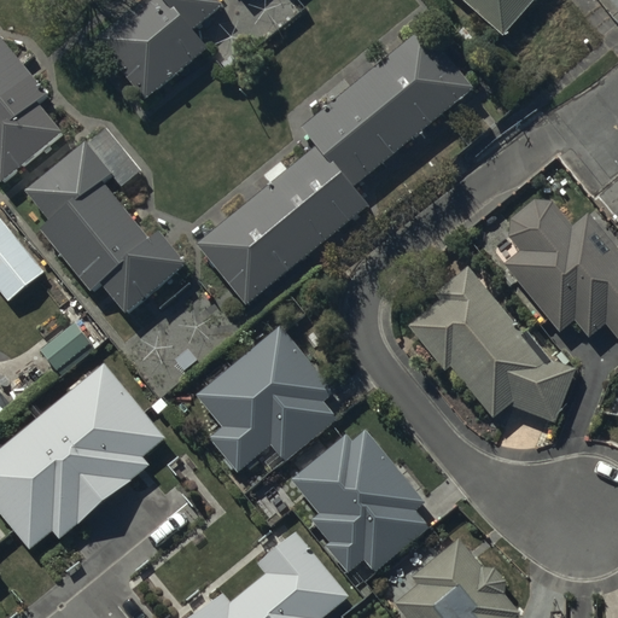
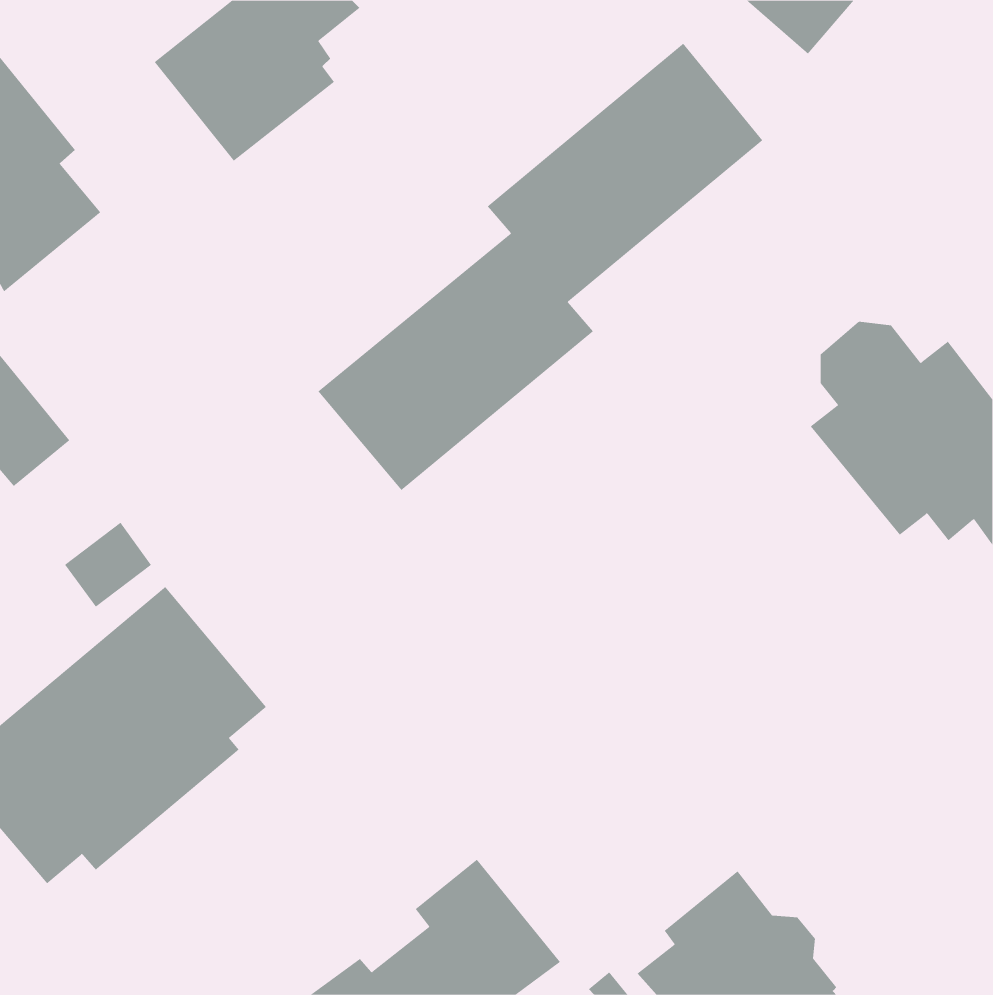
building: [24,129,187,313] -> none
building: [406,263,575,421] -> none
building: [196,327,333,472] -> none
building: [292,430,427,575] -> none

